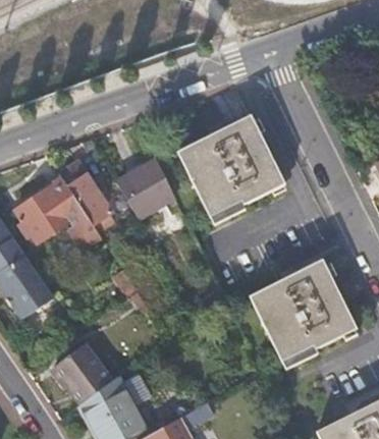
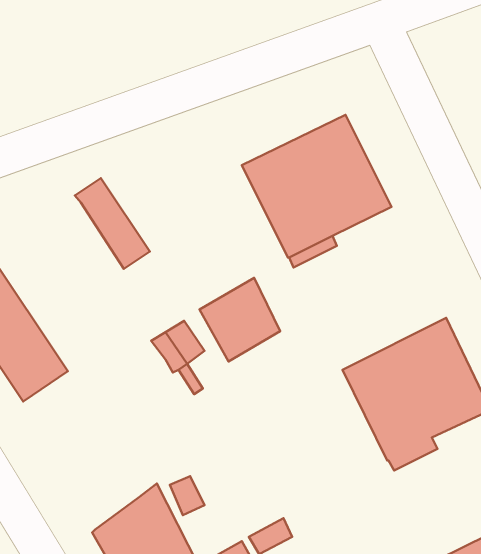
building: [119,159,176,218] -> [200,278,280,361]
building: [16,178,103,252] -> none
building: [47,350,105,409] -> none

